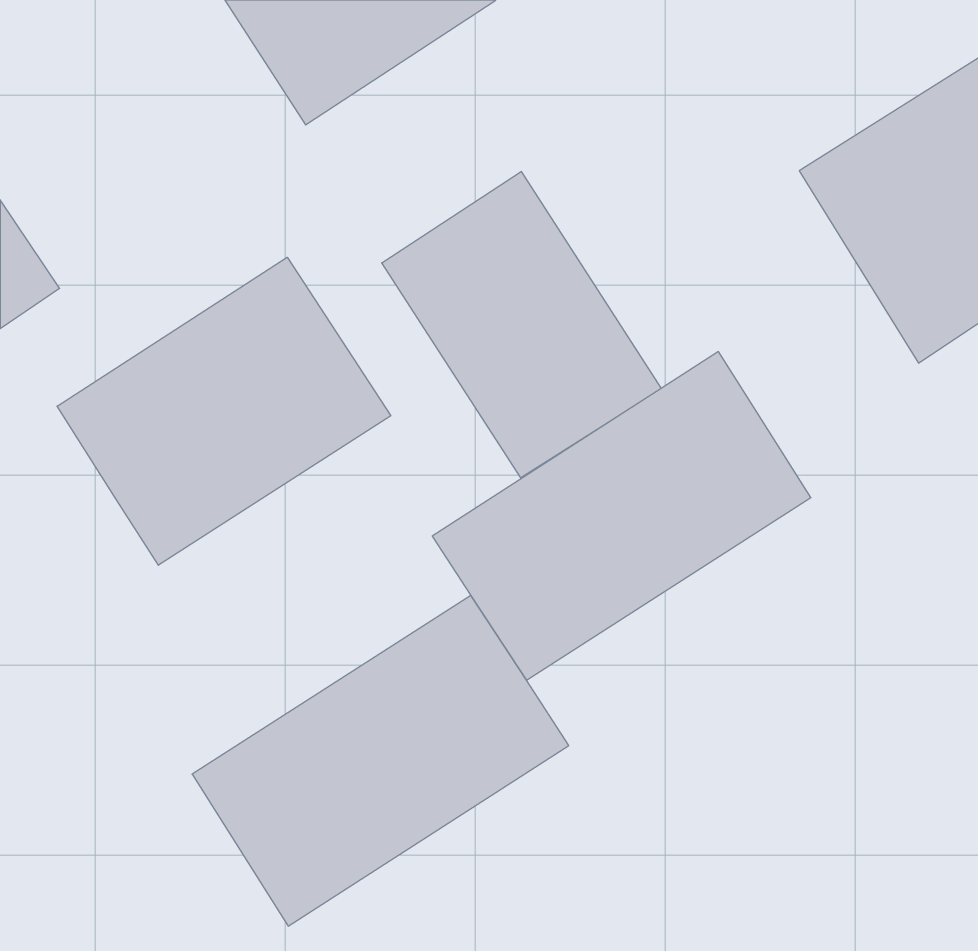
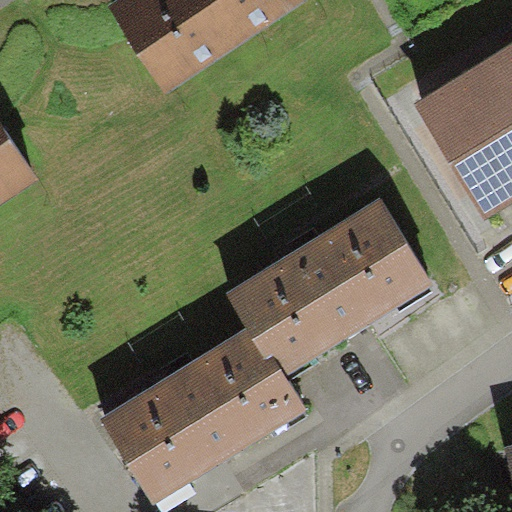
building: [382,171,661,478] -> none
building: [57,257,391,565] -> none

